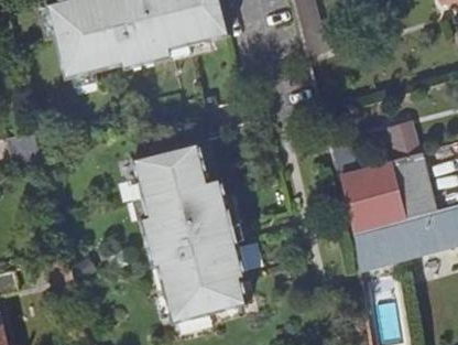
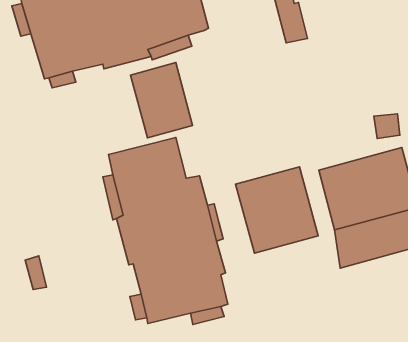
building: none -> [130,63,193,138]
building: none -> [235,167,318,253]

